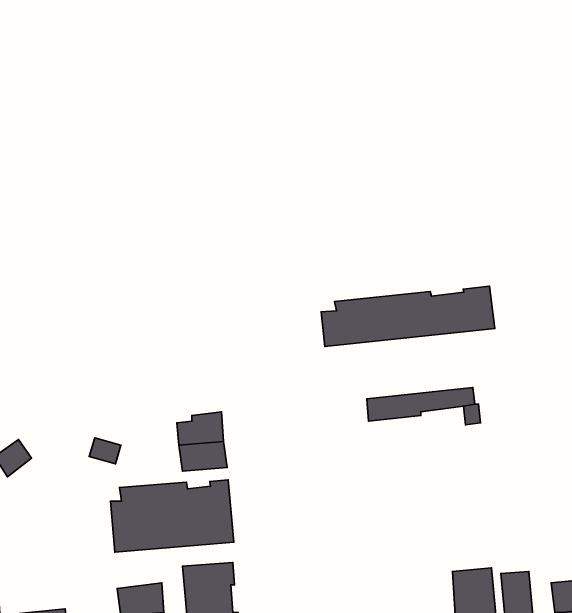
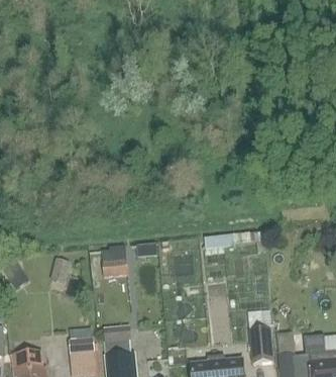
building: [321,286,495,346] -> none
building: [111,480,234,552] -> none

